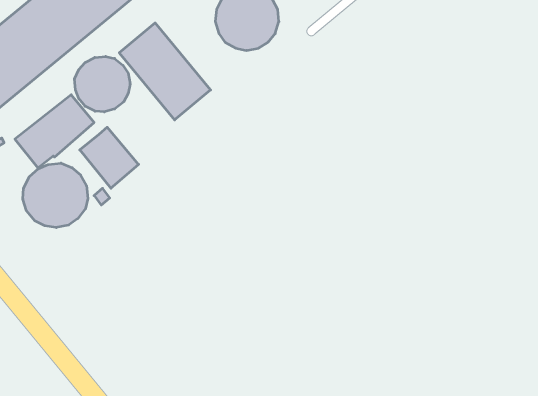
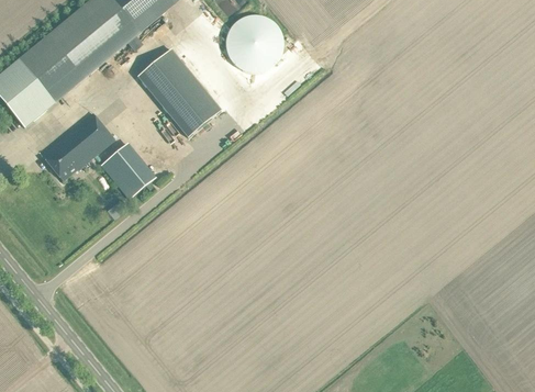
building: [75,56,130,112] -> none
building: [23,163,88,228] -> none

